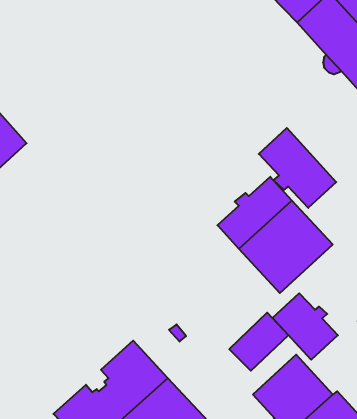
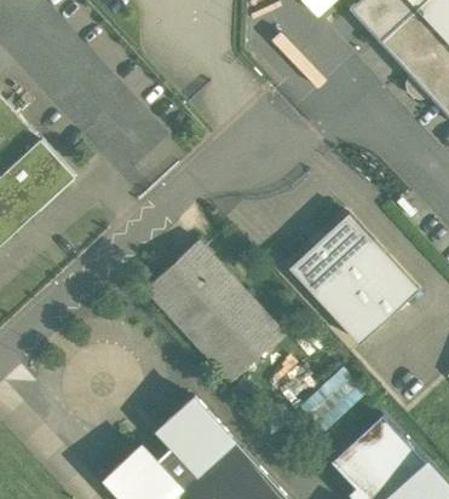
building: [259,128,336,208] -> none
building: none -> [145,242,282,379]
building: [273,293,338,360] -> none

